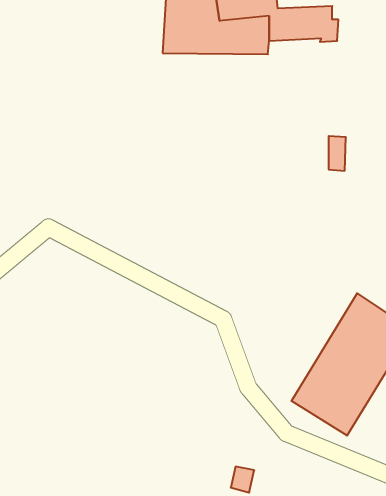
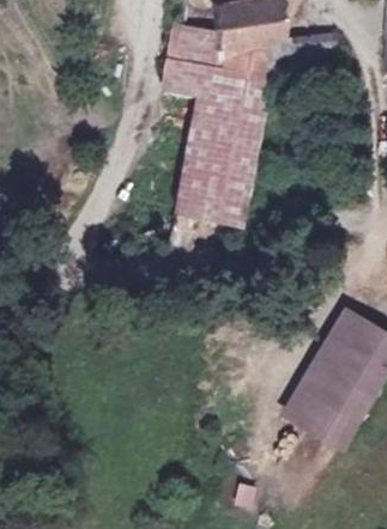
building: none -> [162,83,264,211]

